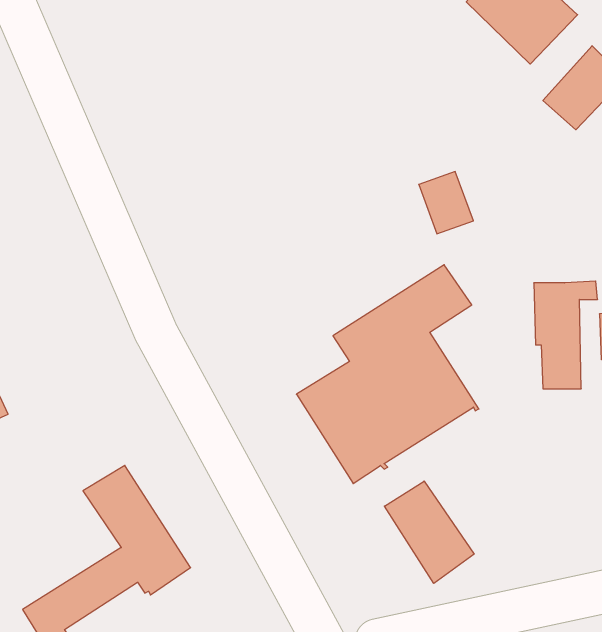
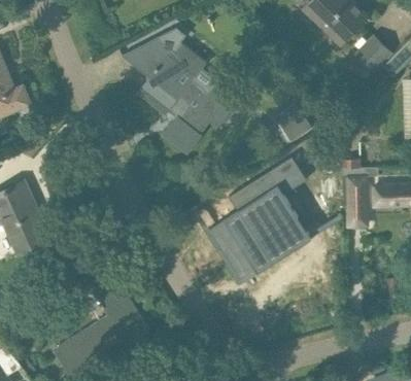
building: none -> [121,28,233,150]
building: [384,481,474,583] -> none

